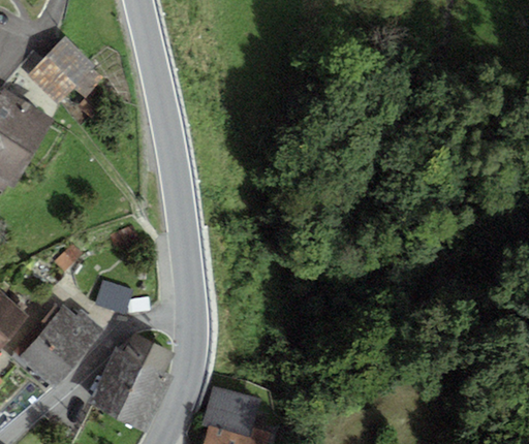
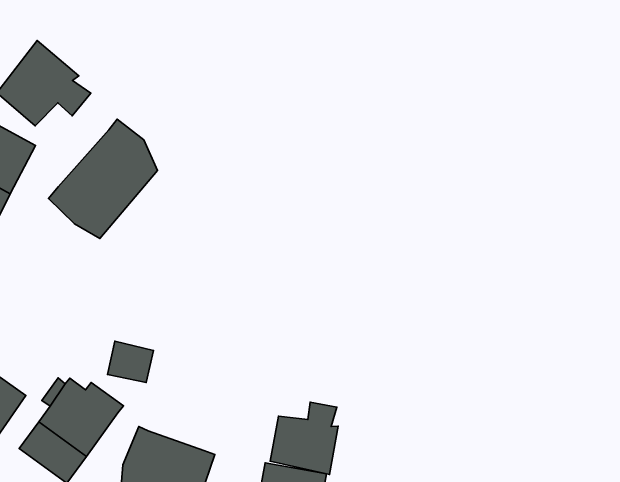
building: none -> [48,119,157,239]
building: [121,334,173,373] -> none
building: none -> [270,402,338,475]

